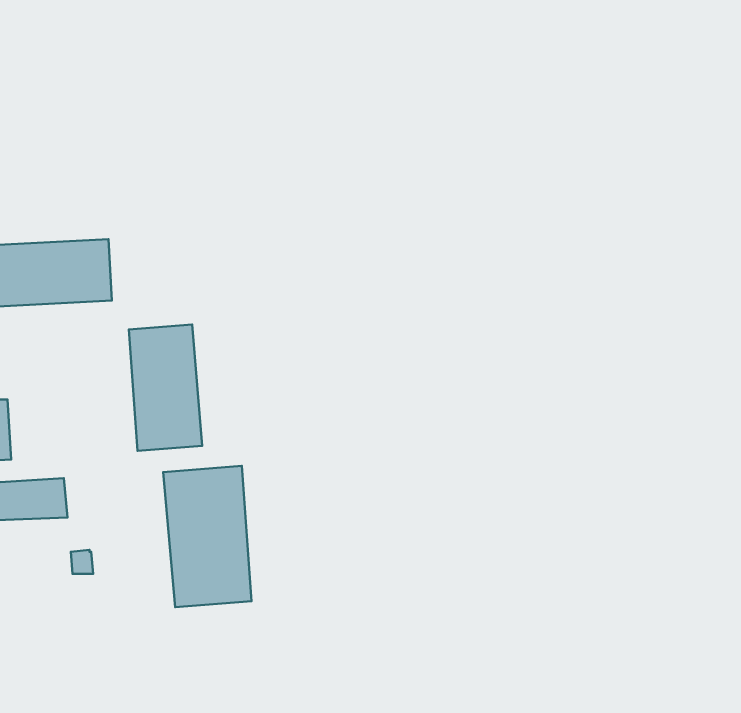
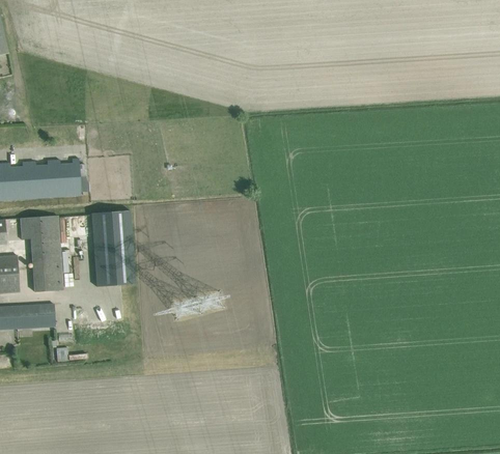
building: none -> [20,216,64,292]
building: [163,466,252,607] -> none

